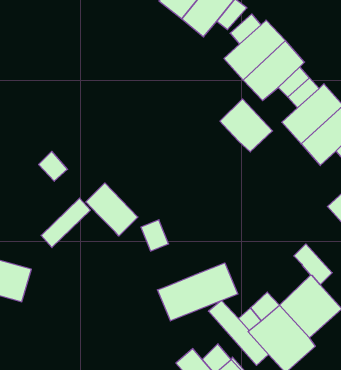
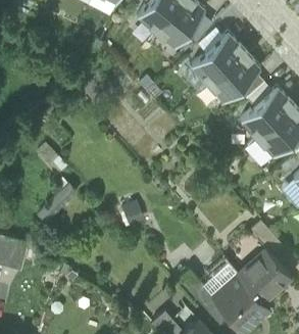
building: [220,99,273,152] -> none
building: [86,183,138,236] -> none
building: [157,263,238,321] -> none

